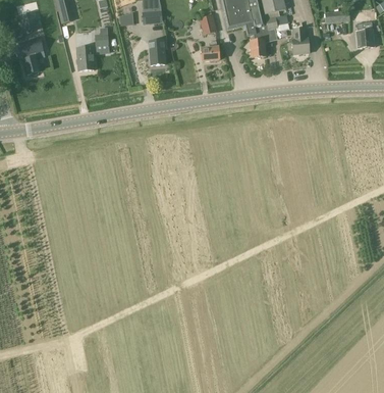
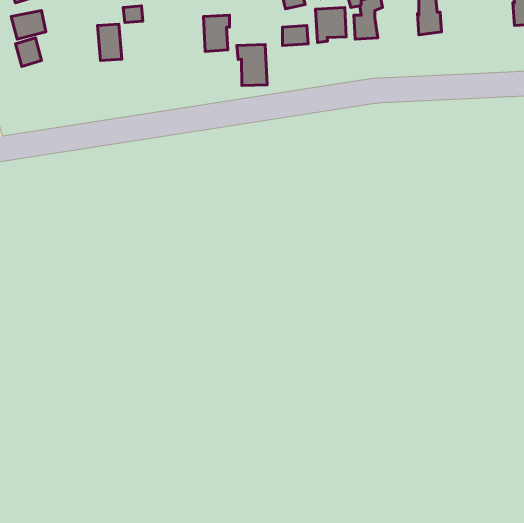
building: none -> [316,7,346,43]
building: none -> [237,45,267,85]

